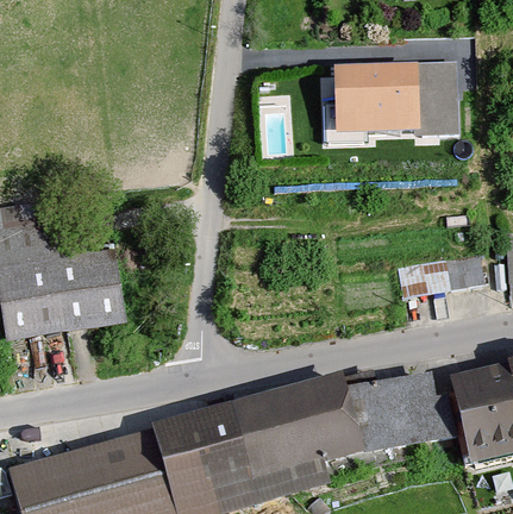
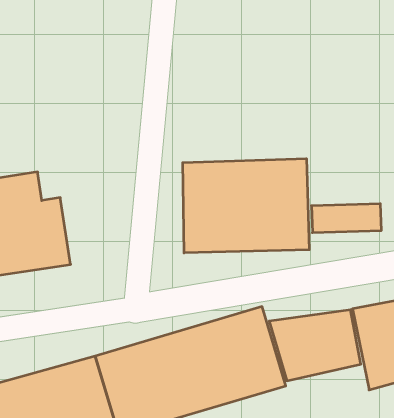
building: [332,57,457,131] -> none
building: none -> [183,159,309,253]

